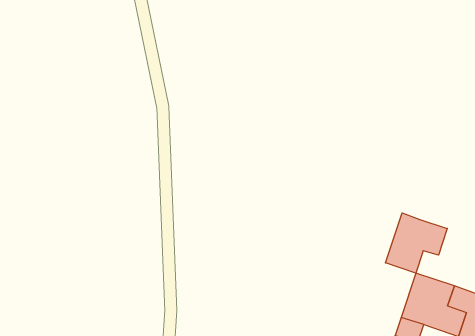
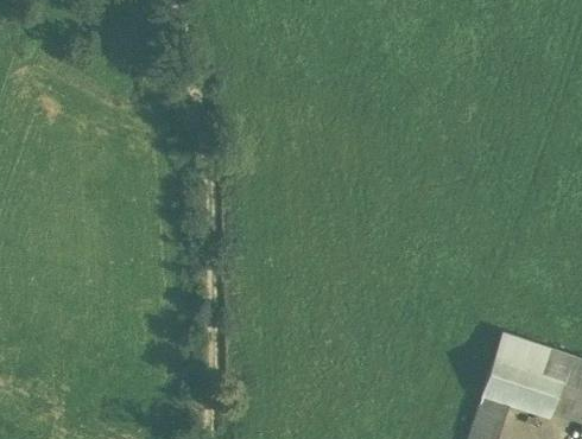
building: [385,213,447,273] -> none

